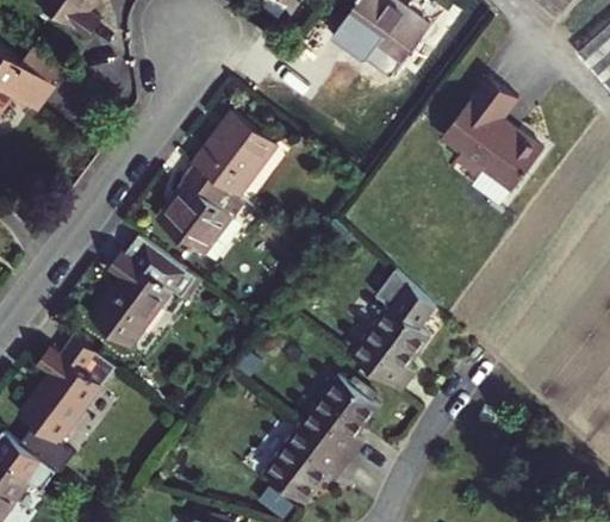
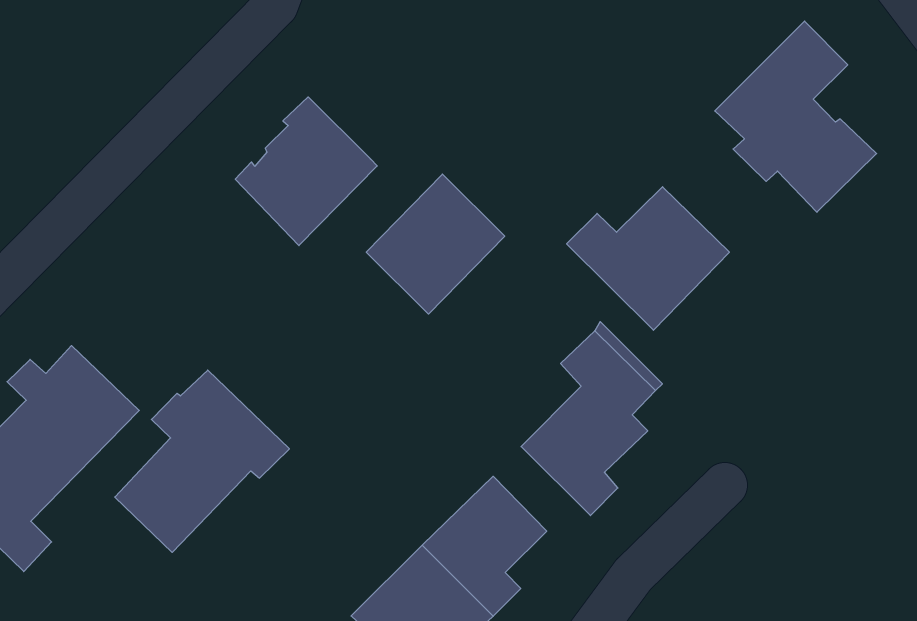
building: [194,111,276,197] -> [366,174,505,314]
building: none -> [567,187,729,330]
building: [91,234,192,347] -> [115,370,289,552]

